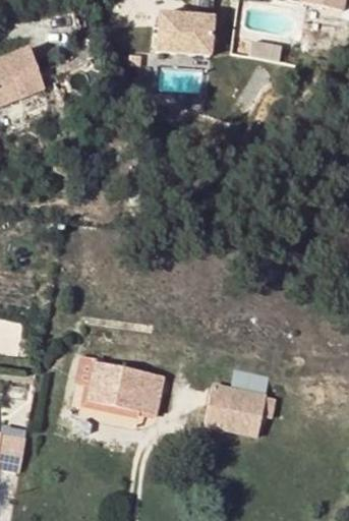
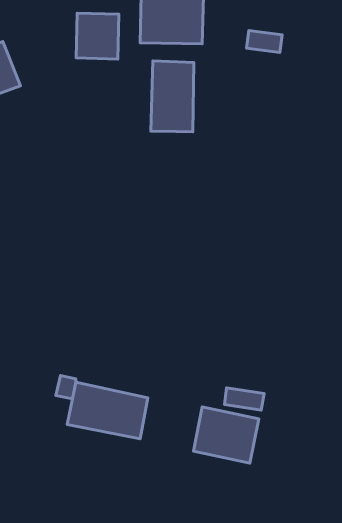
building: none -> [76,13,119,59]
building: none -> [151,61,194,132]

